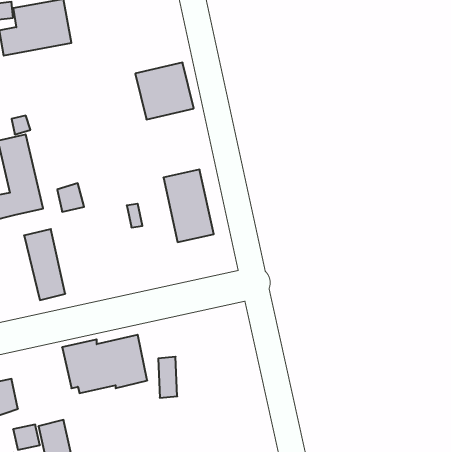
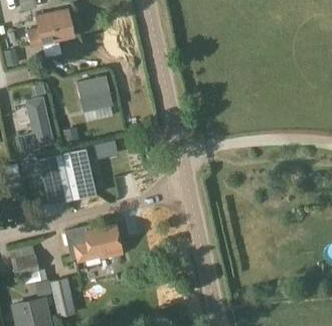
building: [135,63,194,119] -> [76,75,114,112]
building: [163,170,214,242] -> [59,151,92,197]

